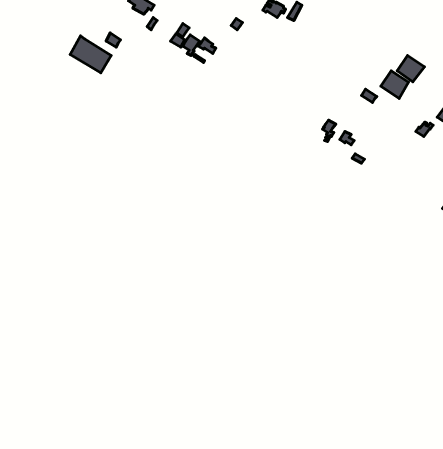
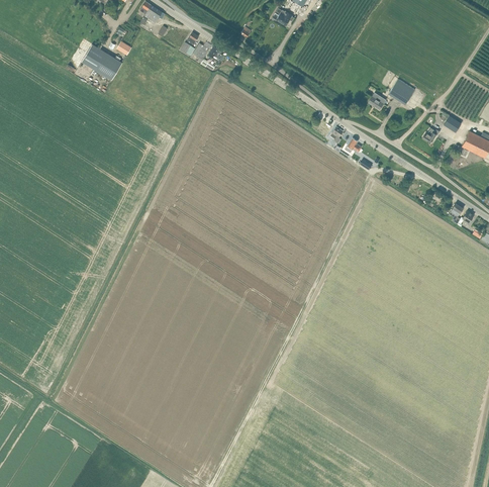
building: [397,55,425,82] -> none

